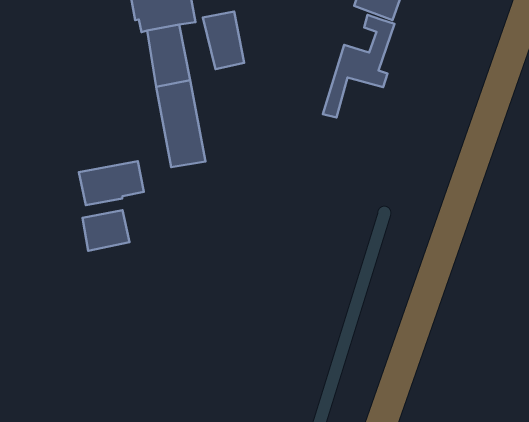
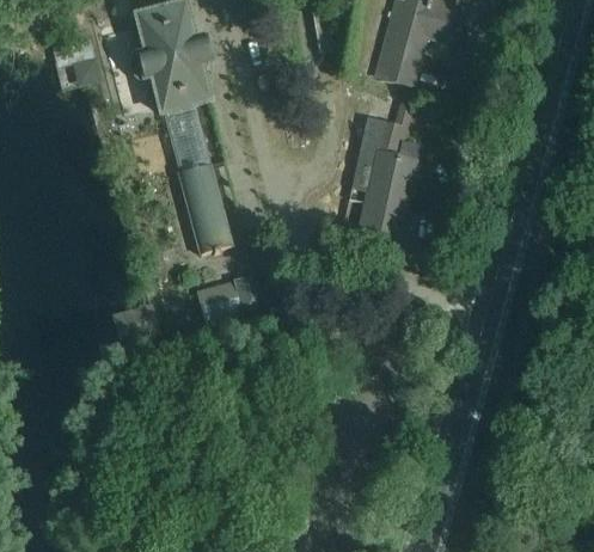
building: [203,11,244,69] -> none
building: none -> [355,149,411,256]
building: [79,161,144,205] -> [196,274,264,323]

